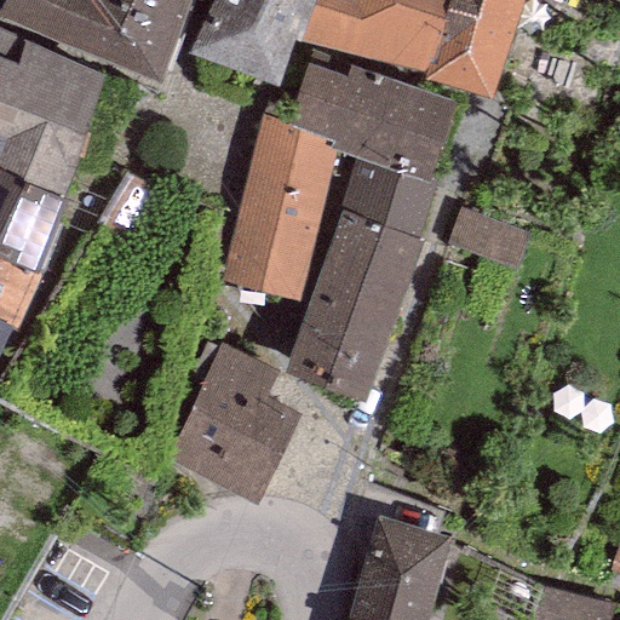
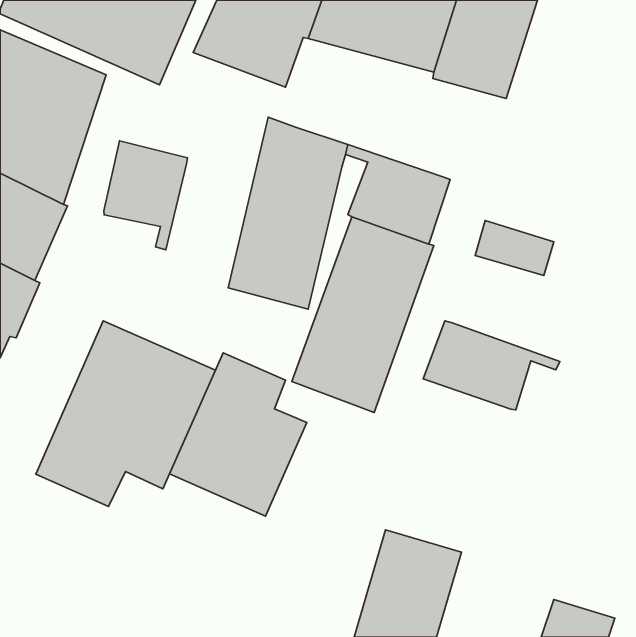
building: [288,64,457,172] -> none
building: none -> [104,141,188,250]
building: none -> [423,321,560,410]
building: none -> [36,321,215,507]

